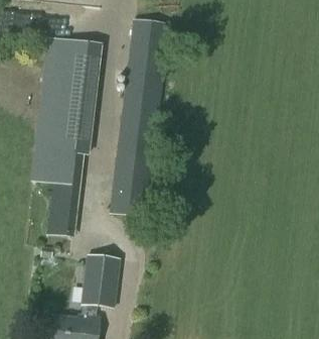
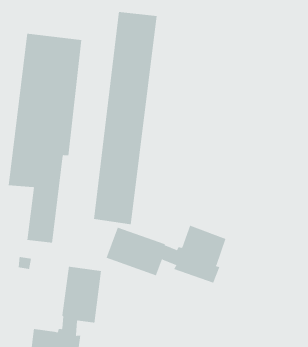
building: none -> [106,225,226,283]

